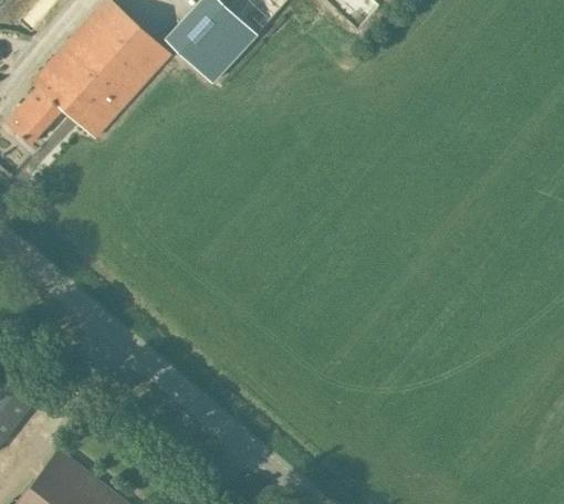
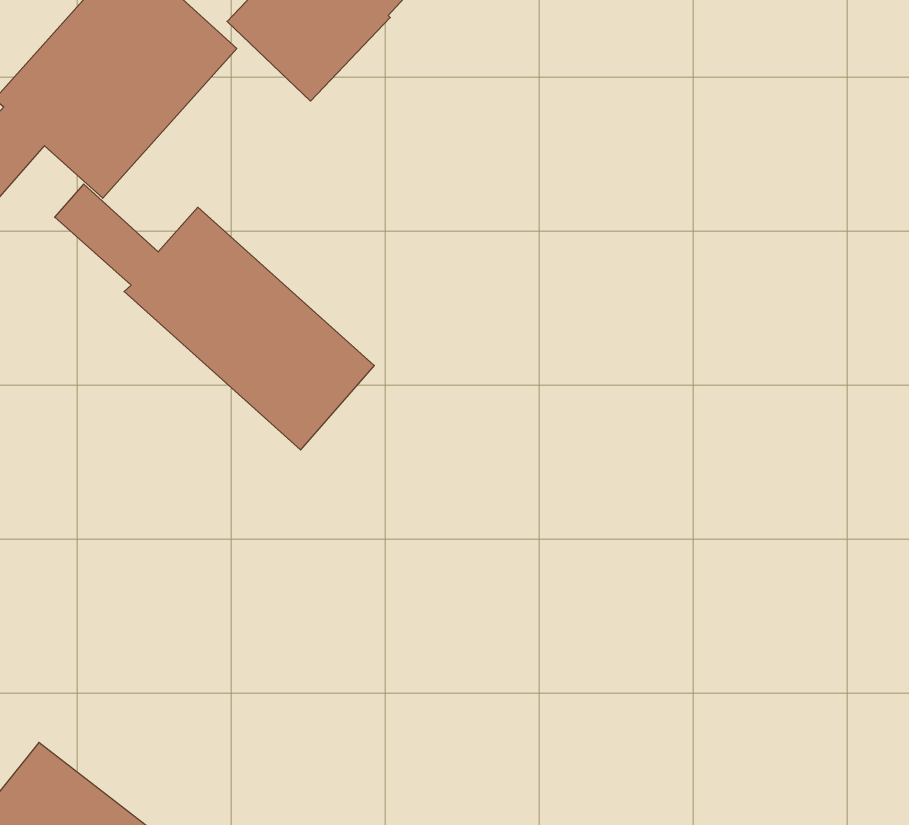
building: none -> [55,184,374,450]

